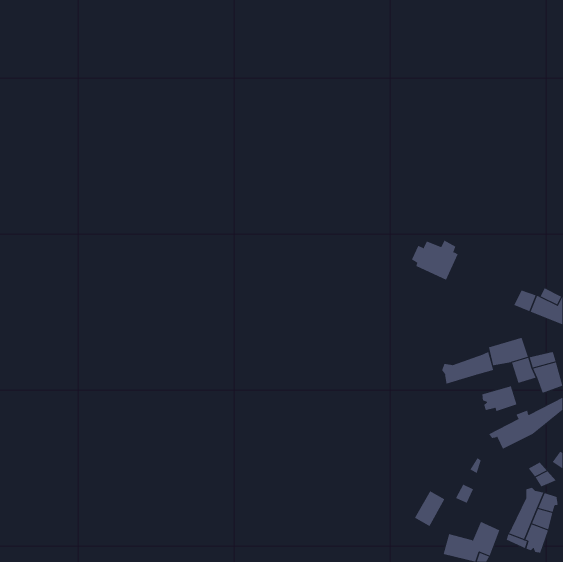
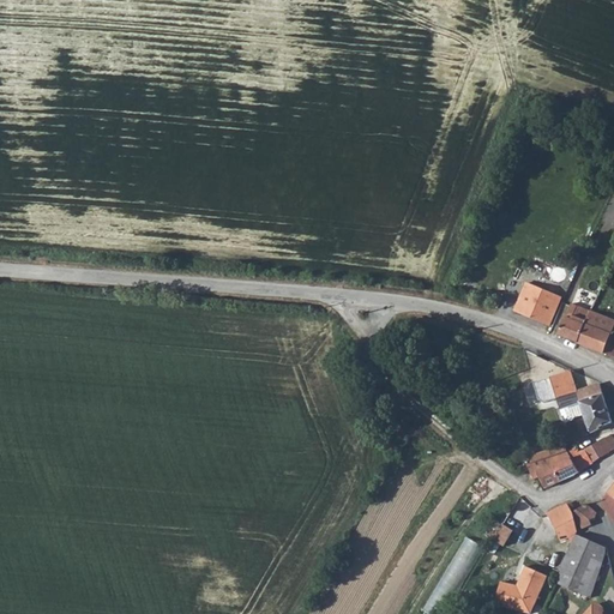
building: [411,240,458,281] -> [506,281,558,325]
building: [442,351,494,384] -> none
building: [482,385,517,412] -> none
building: none -> [542,502,579,536]

